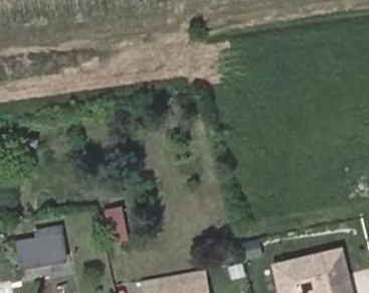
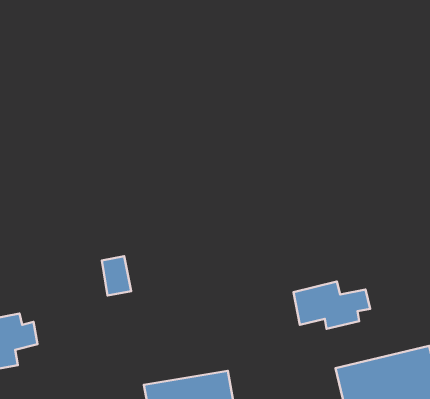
building: none -> [293,281,370,329]

